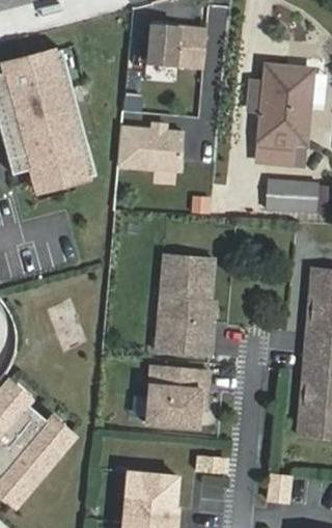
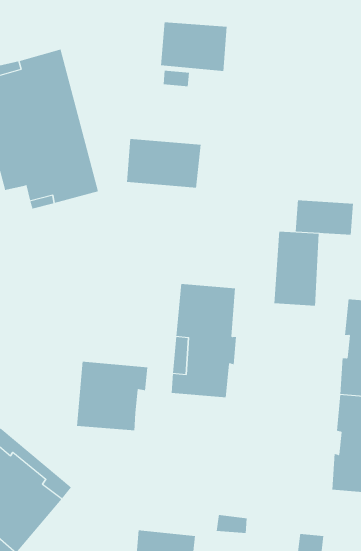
building: [256,65,312,166] -> none
building: none -> [274,231,319,307]
building: [146,365,210,426] -> [76,361,148,431]

